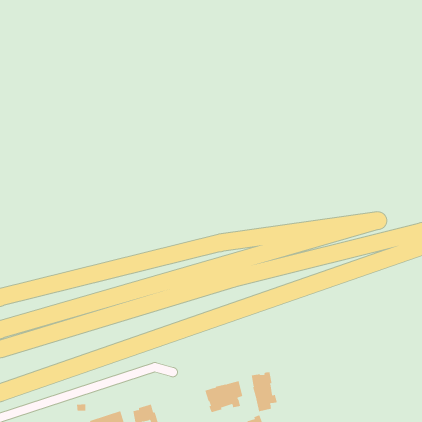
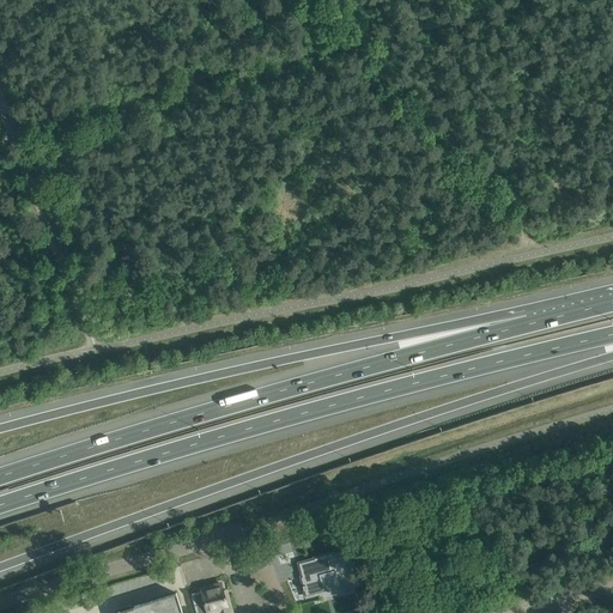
building: [251,372,278,412] -> none

